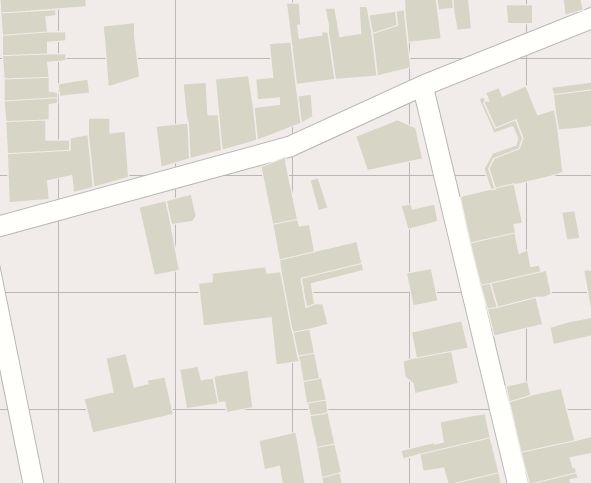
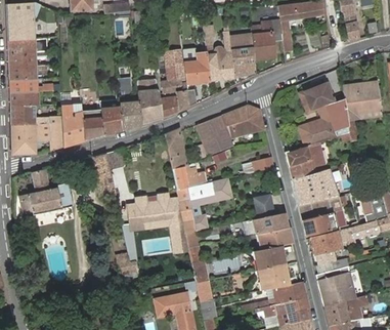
building: [103,23,140,87] -> [83,101,105,140]
building: none -> [198,116,234,158]
building: none -> [242,212,288,237]
building: none -> [311,233,341,255]
building: [84,353,174,433] -> [19,170,74,218]
building: [214,370,253,413] -> none
building: none -> [255,265,290,292]

